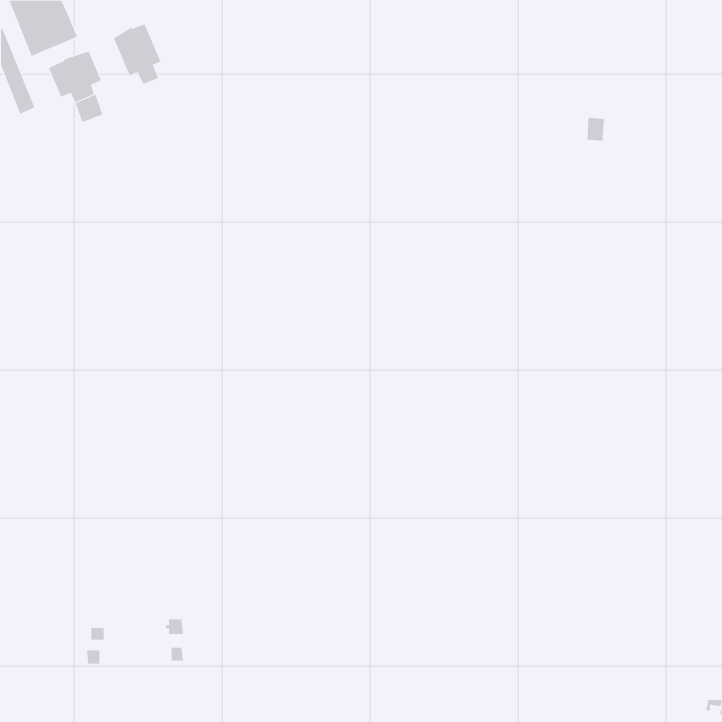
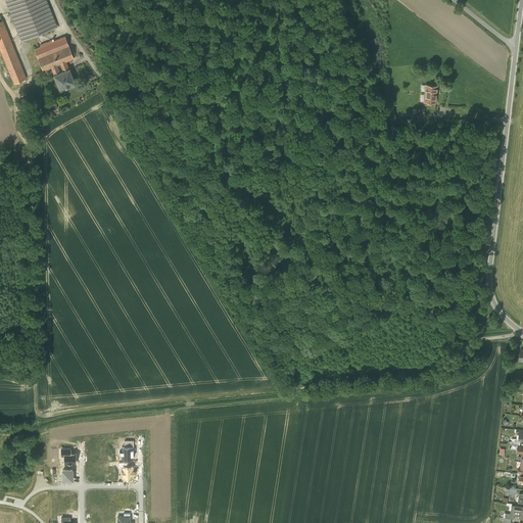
building: [113,24,161,85] -> none

